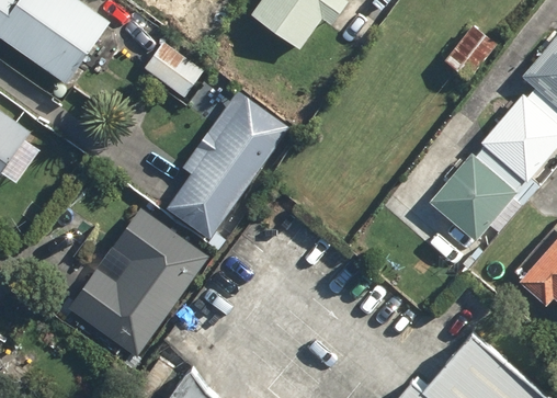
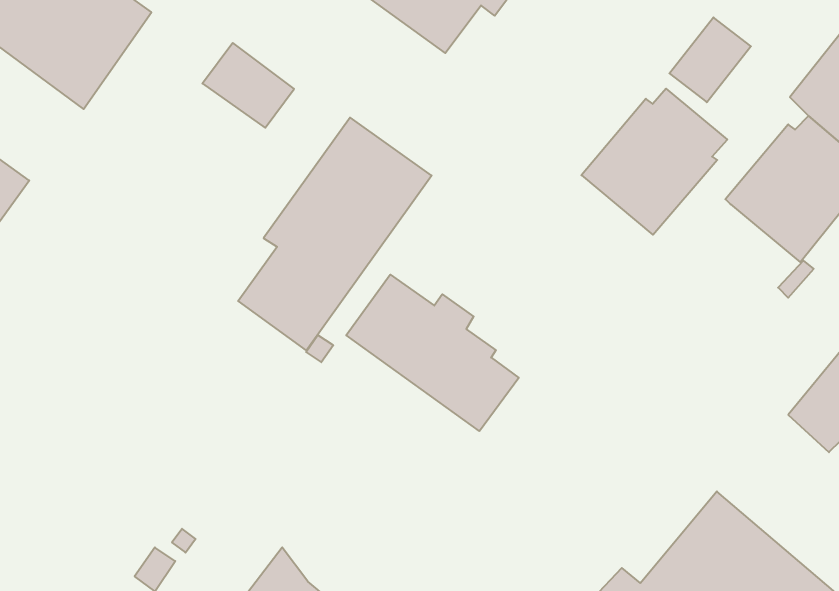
building: [429,147,523,241] -> [581,89,727,235]
building: none -> [346,275,519,431]
building: [69,207,209,357] -> none

